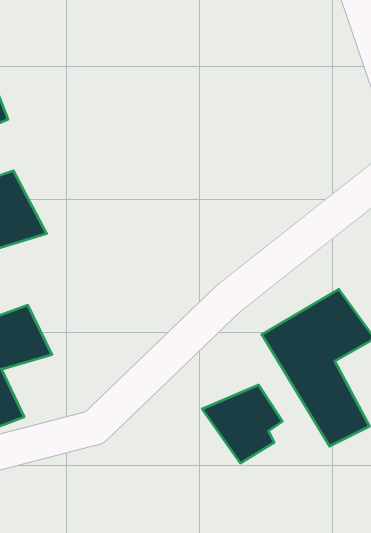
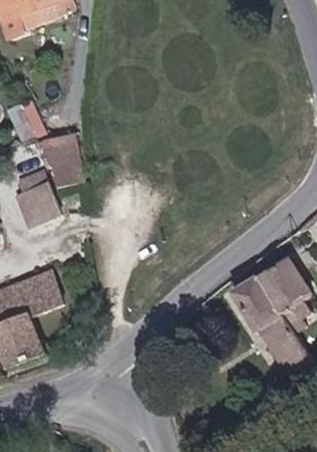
building: none -> [43,133,83,185]
building: [202,385,282,463] -> none

